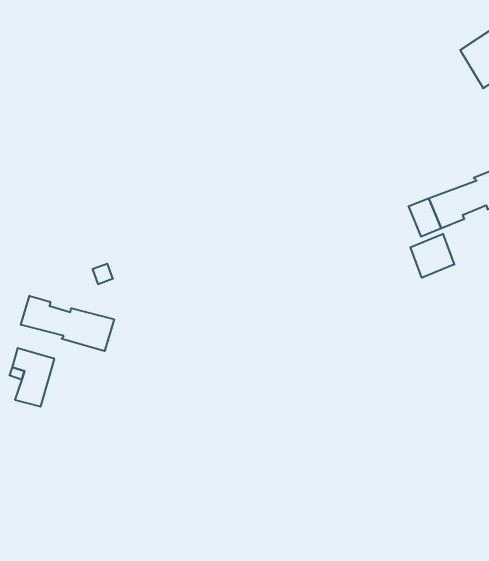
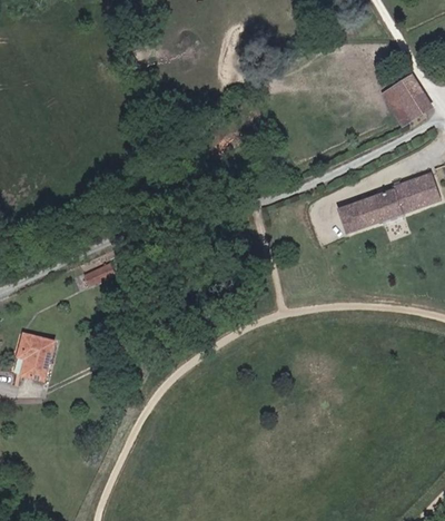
building: [411,234,454,278] -> none
building: [21,296,114,351] -> none

